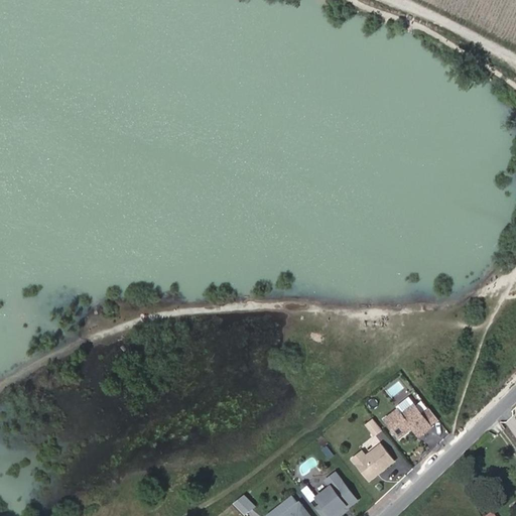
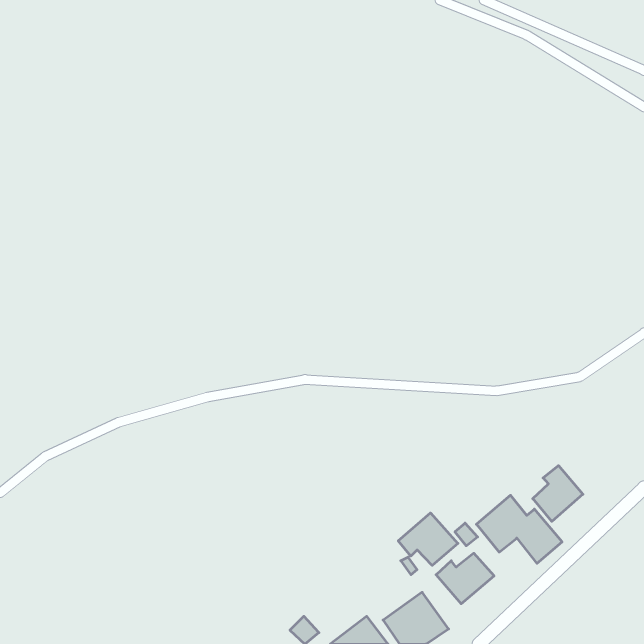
building: none -> [533,466,583,521]
building: none -> [398,513,458,565]

